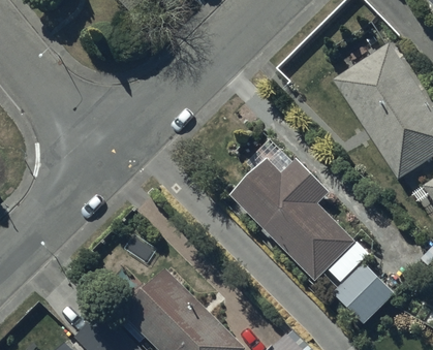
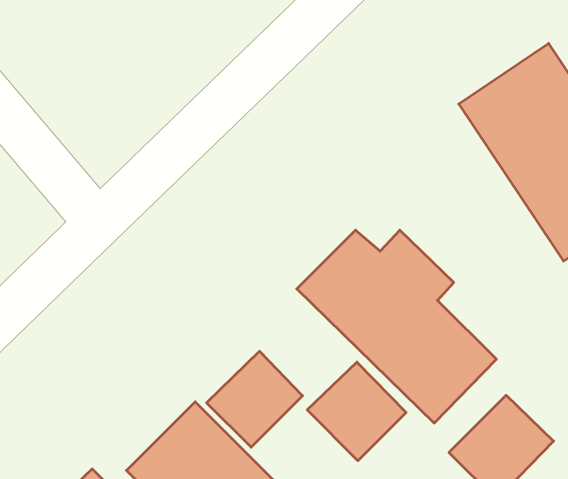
building: none -> [207,351,303,447]
building: none -> [307,362,406,461]

